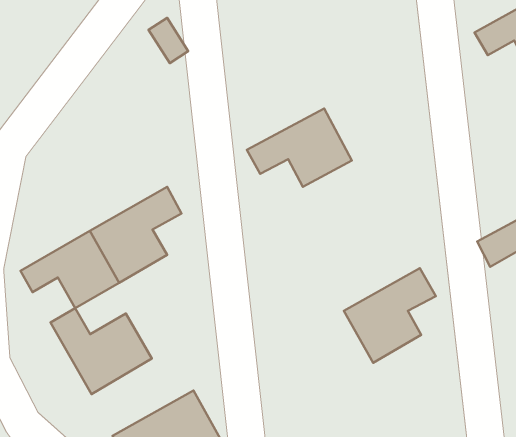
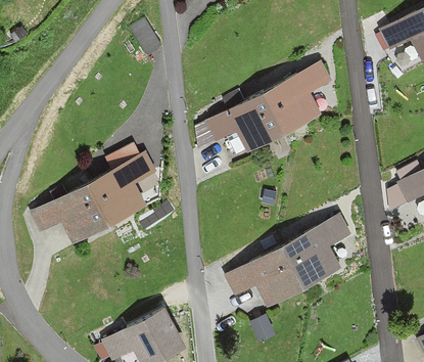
building: none -> [265,61,330,130]
building: [51,308,152,394] -> none
building: none -> [225,245,302,305]

